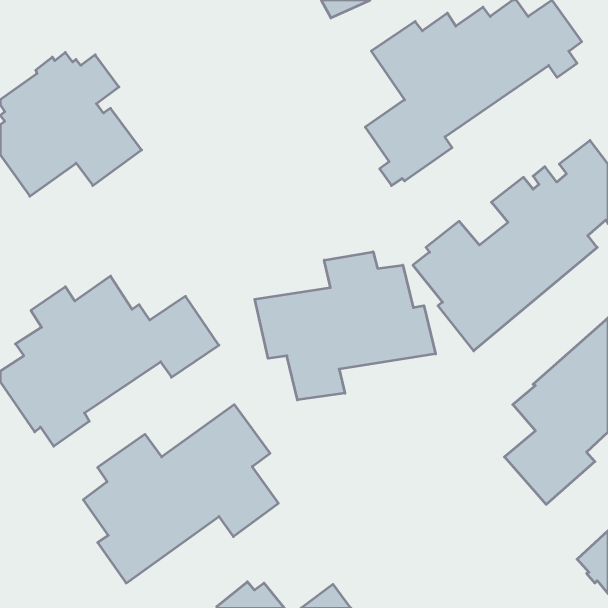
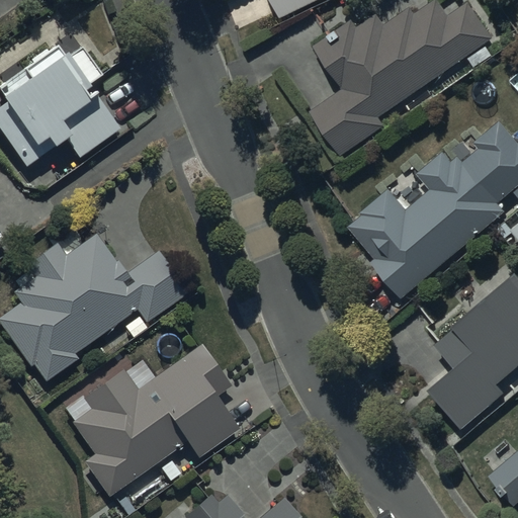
building: [255,252,436,400] -> none

